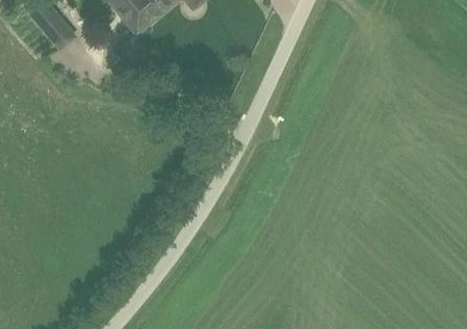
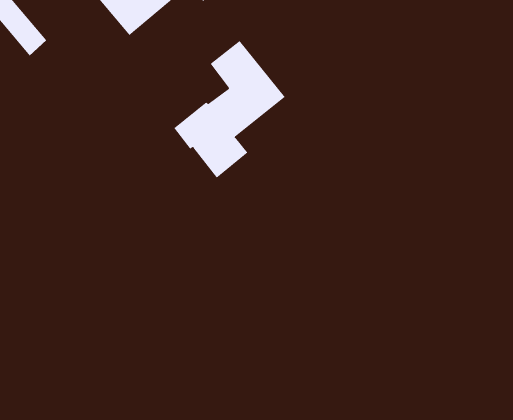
building: none -> [174,40,285,178]

